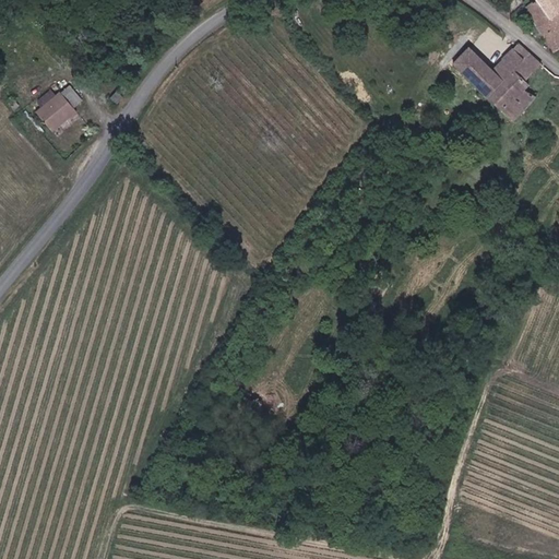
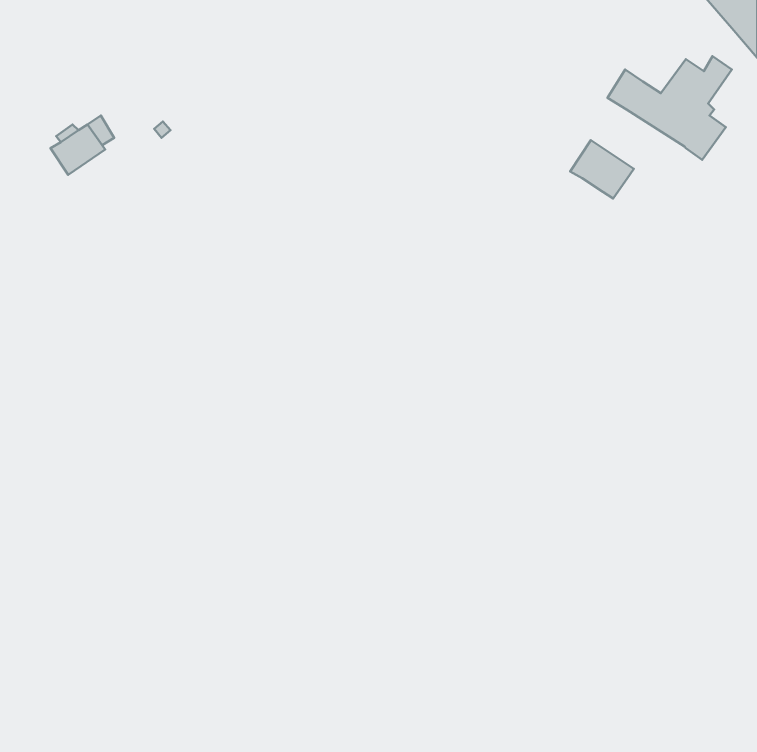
building: none -> [570,140,634,198]

